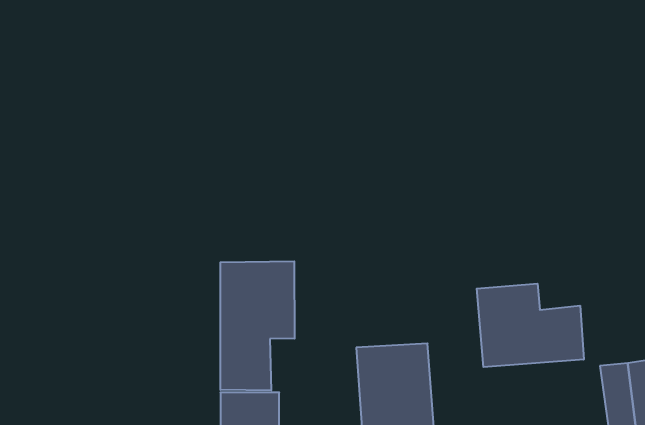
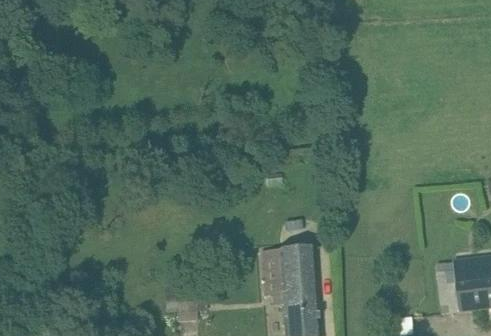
building: [220,261,295,390] -> none
building: [477,284,584,367] -> none

